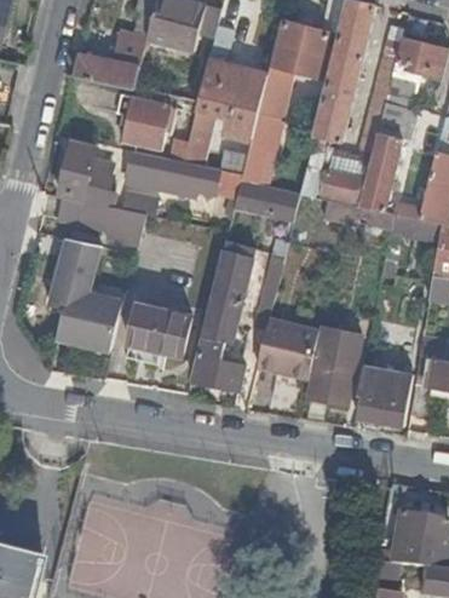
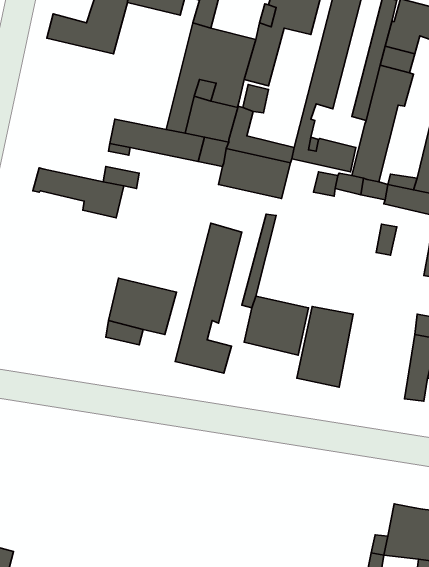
building: [117,94,172,149] -> none
building: [59,144,111,203] -> none
building: [47,238,123,351] -> none
building: [357,364,410,425] -> none

